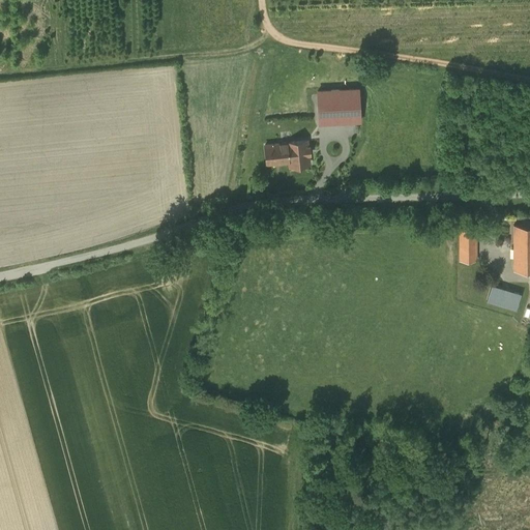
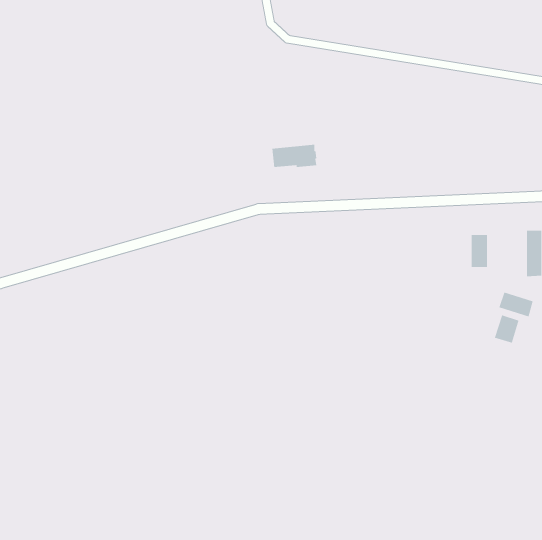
building: [317,91,360,124] -> none
building: none -> [494,314,519,344]

